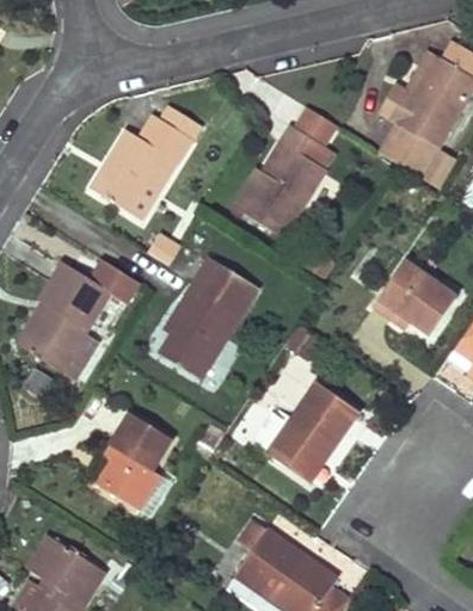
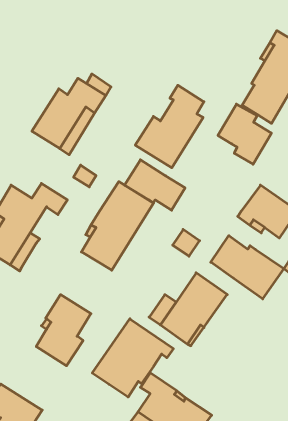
building: none -> [218,104,271,164]
building: none -> [125,160,185,210]
building: none -> [211,236,284,299]
building: none -> [92,319,173,397]

